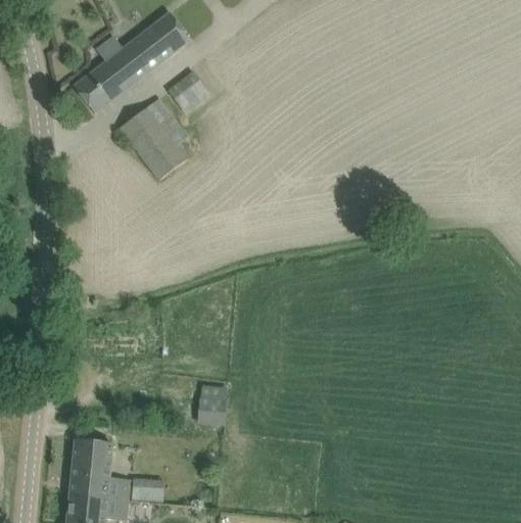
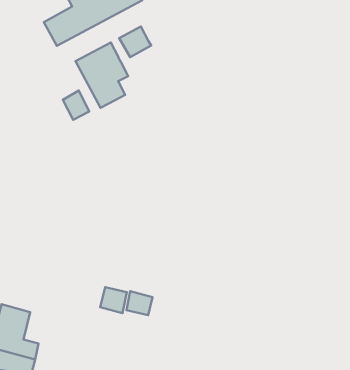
building: none -> [63,91,89,120]
building: none -> [126,291,153,315]
building: [132,476,163,500] -> none

